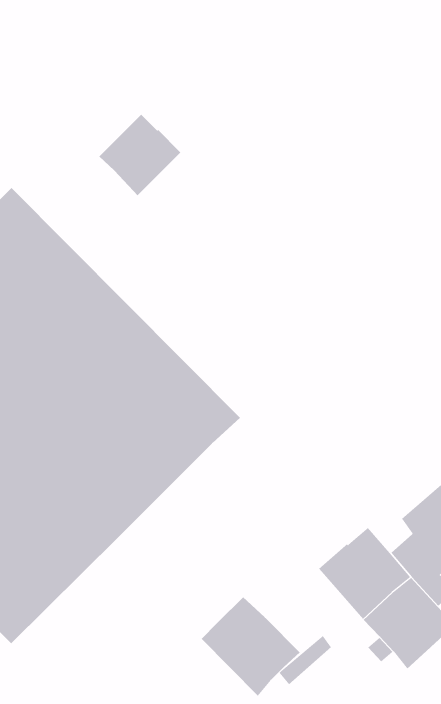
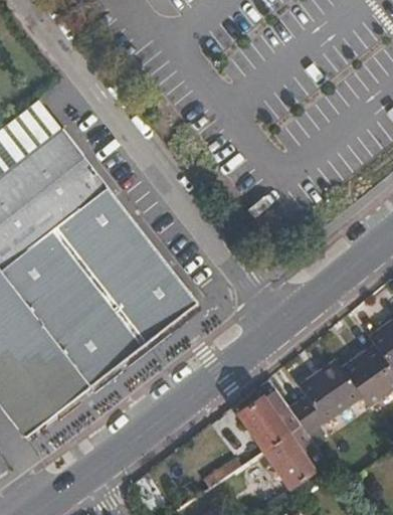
building: [99,114,181,196] -> none
building: [201,597,300,696] -> none

